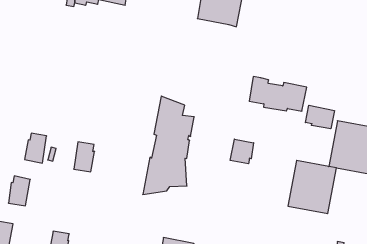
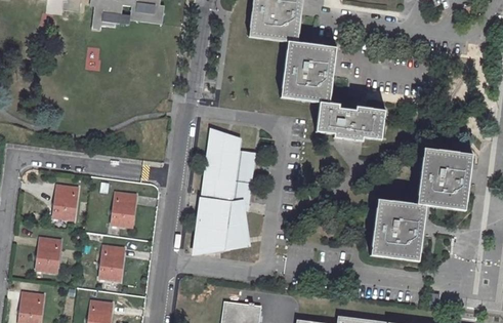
building: none -> [281,41,336,103]
building: [305,105,334,129] -> none
building: [230,139,254,164] -> none
building: none -> [99,245,123,280]

